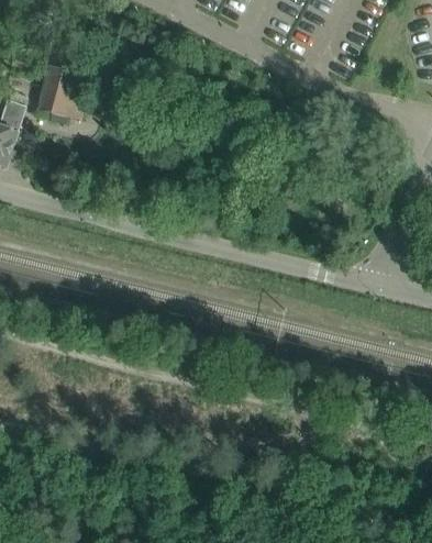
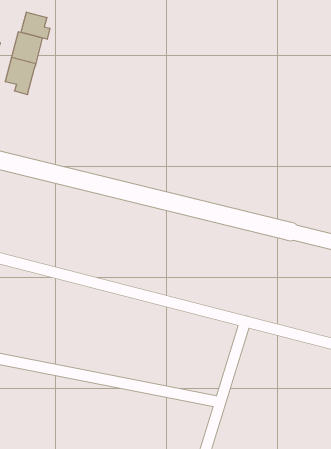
building: none -> [21,12,50,39]

